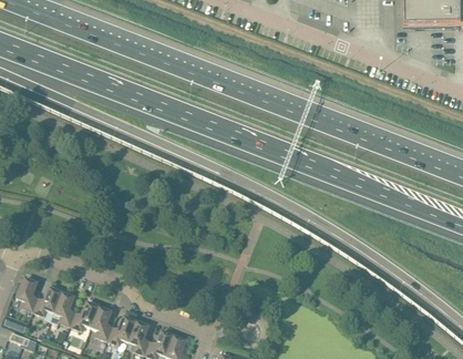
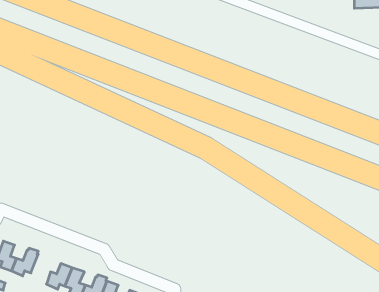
building: [51,291,75,326] -> none

